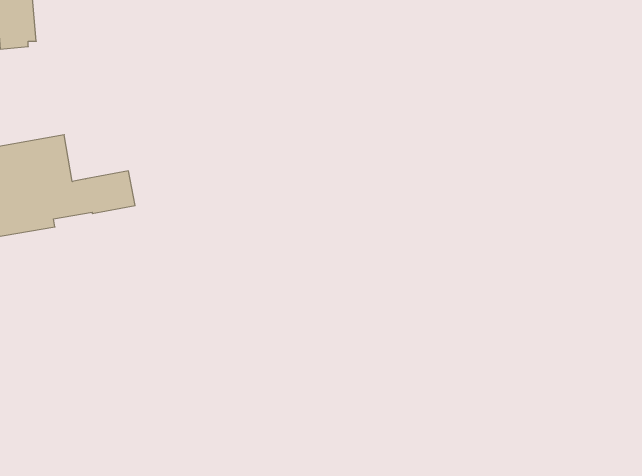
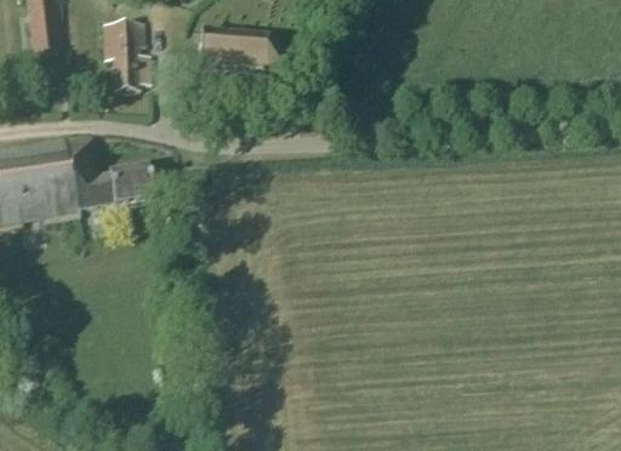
building: none -> [99,21,147,89]
building: none -> [195,30,277,67]

